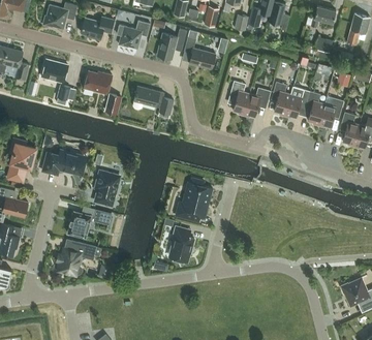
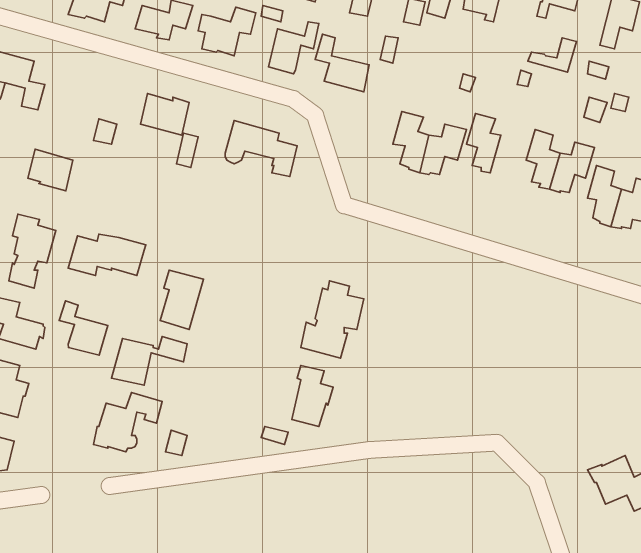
building: [42,59,68,83] -> [28,149,73,191]
building: [284,87,310,118] -> none
building: none -> [59,301,108,355]

